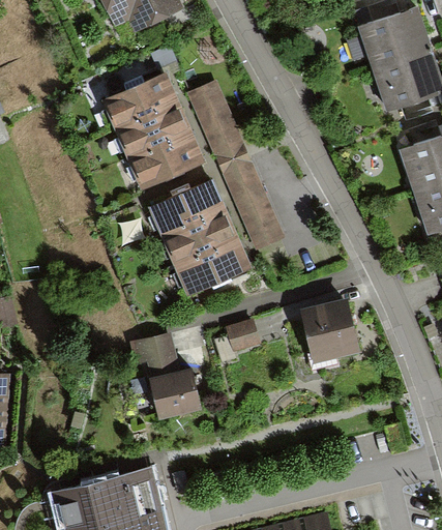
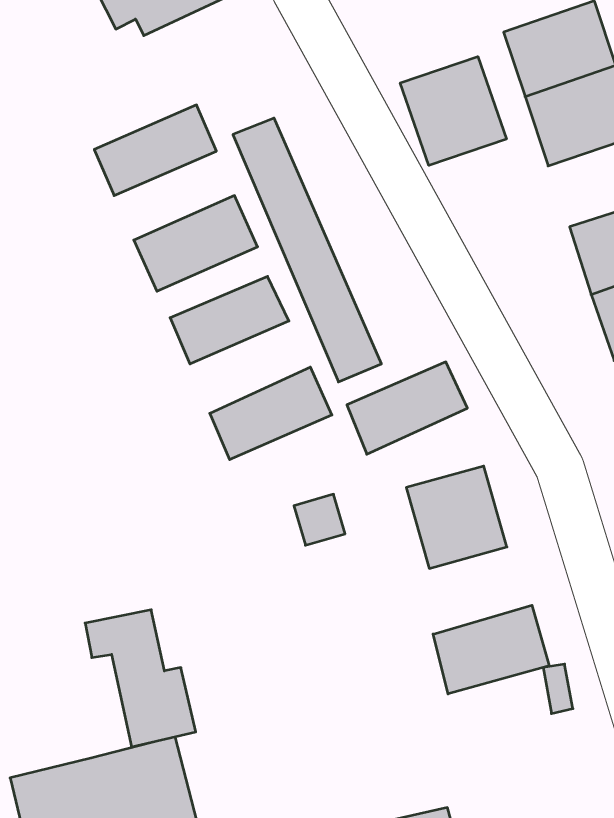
building: none -> [400,57,506,165]
building: [114,101,189,157] -> none
building: [161,208,237,266] -> [347,362,467,454]
building: [130,332,200,418] -> [85,610,196,747]
building: none -> [433,605,549,694]

